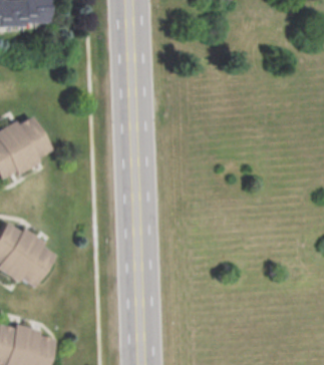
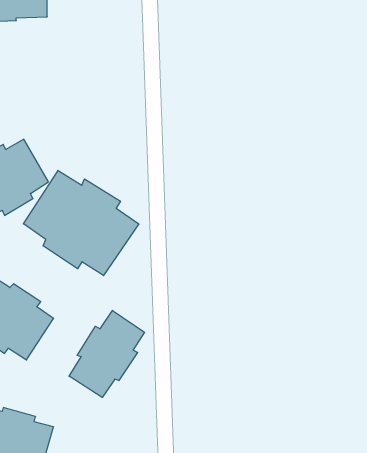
building: none -> [23,170,139,276]
building: none -> [69,310,145,397]

